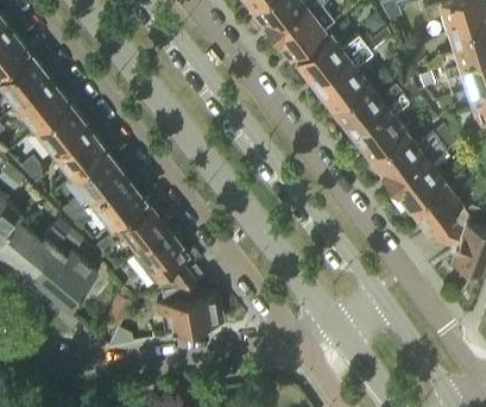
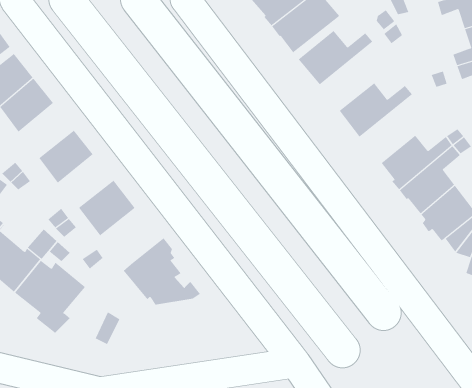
building: [315,46,372,111] -> none
building: [352,95,410,159] -> none
building: [34,104,87,155] -> none
building: [71,151,124,201] -> none
building: [120,206,170,253] -> none
building: [156,286,221,337] -> none

